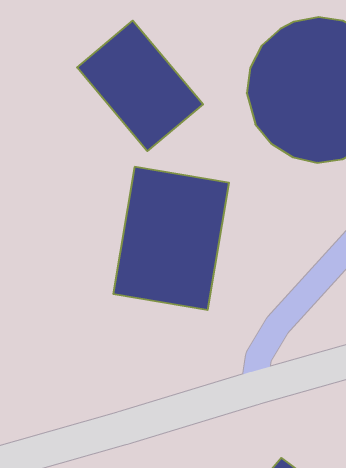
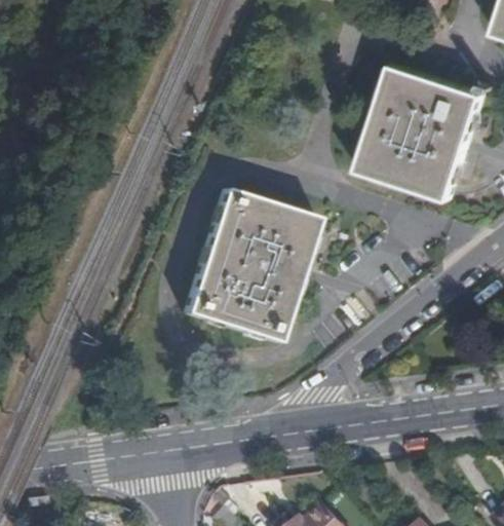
building: [77,21,203,151] -> none

